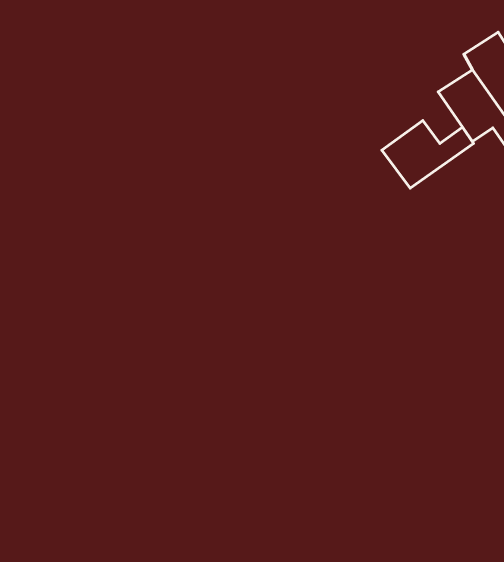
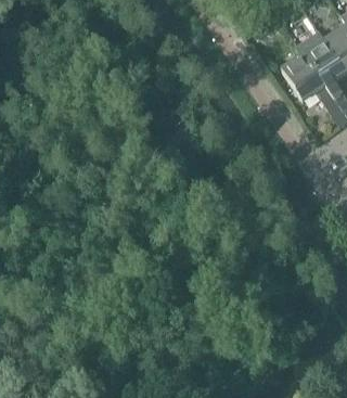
building: [382,120,474,188] -> none

